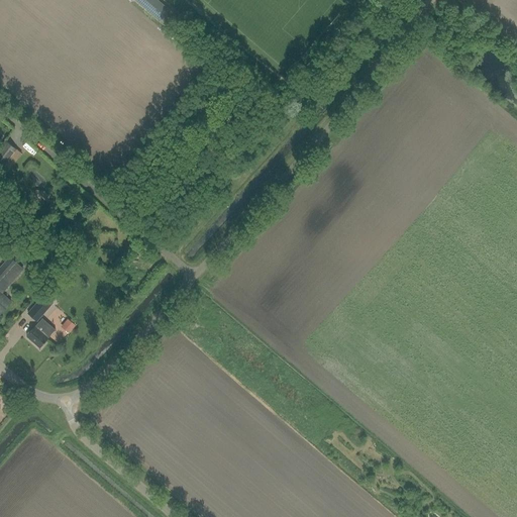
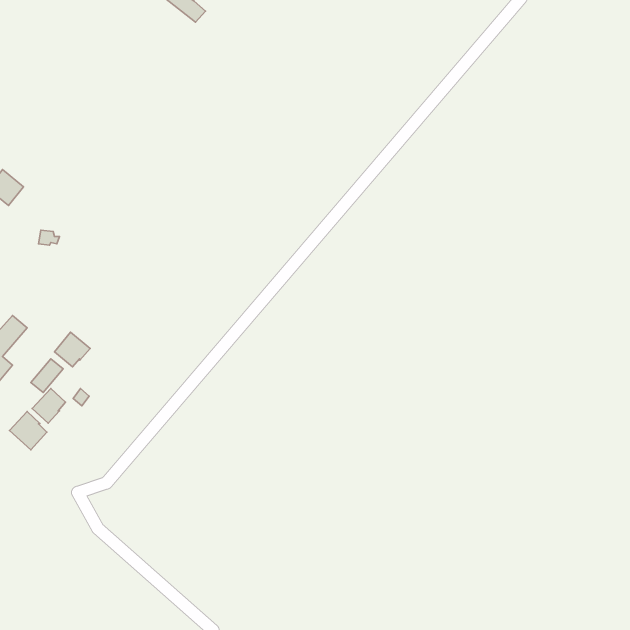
building: none -> [55,332,90,367]
building: none -> [10,412,47,450]

